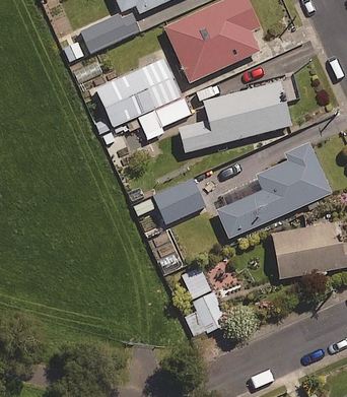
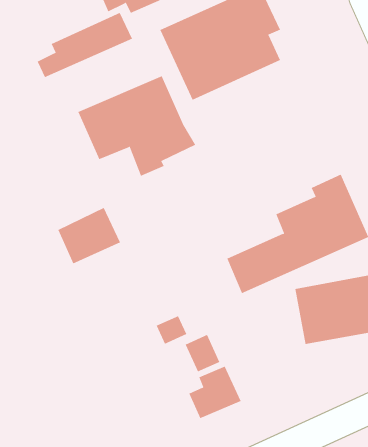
building: [178,80,291,152] -> none
building: [155,181,206,226] -> [58,207,121,264]

